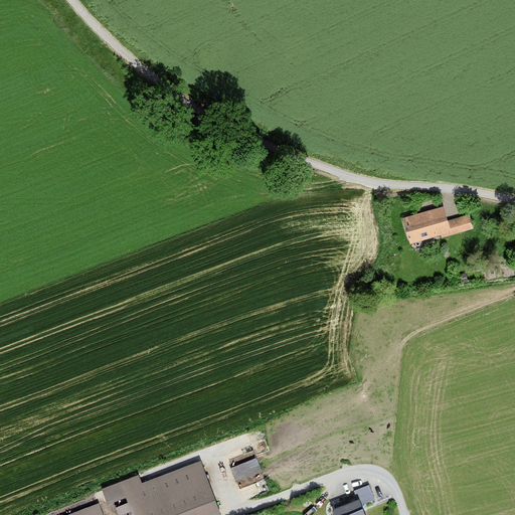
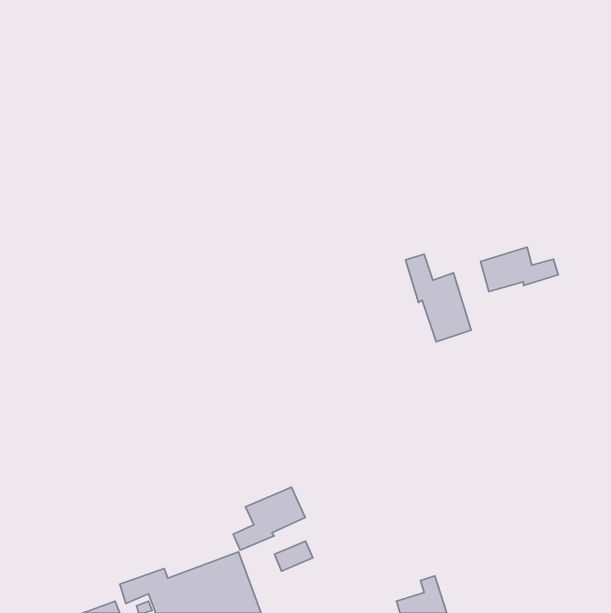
building: none -> [406,254,471,342]
building: none -> [233,487,305,550]

